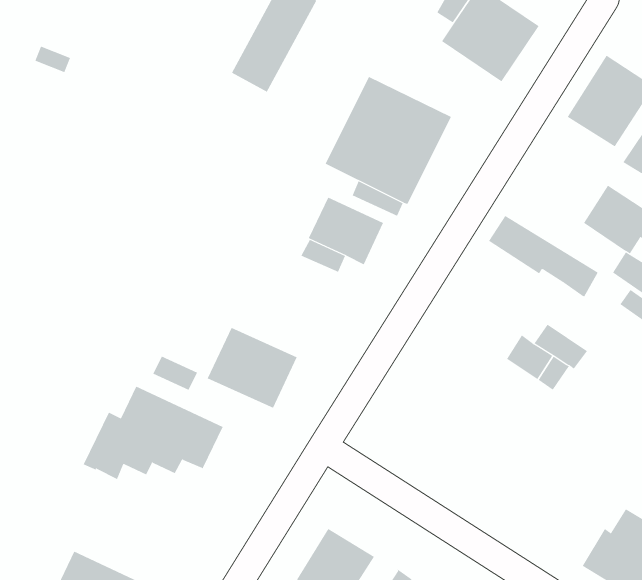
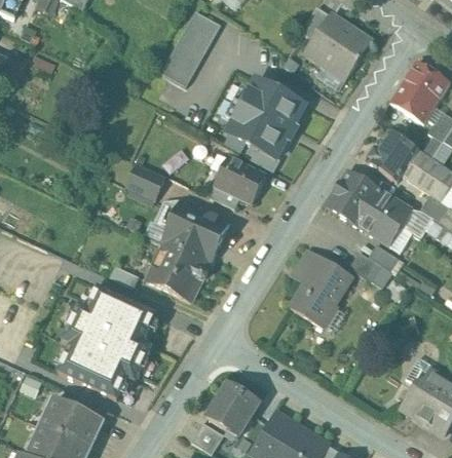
building: none -> [367,130,418,181]
building: none -> [125,168,166,202]
building: none -> [326,187,402,245]
building: none -> [162,201,229,266]
building: none -> [291,249,352,325]
building: none -> [58,336,153,398]

